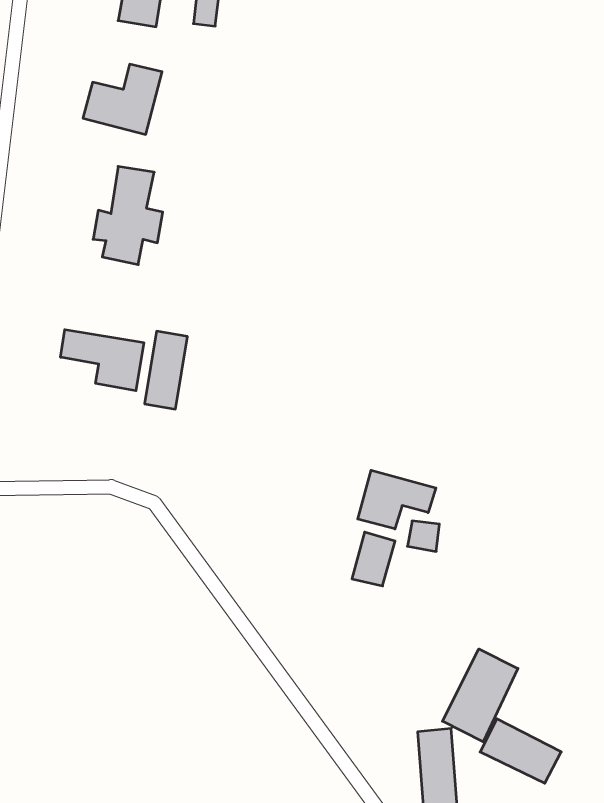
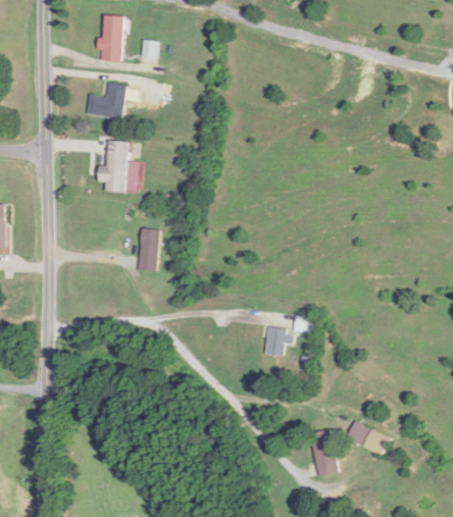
building: [61,330,144,391] -> none
building: [358,470,436,529] -> none
building: [442,649,518,742] -> none

